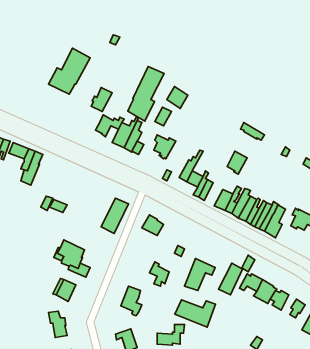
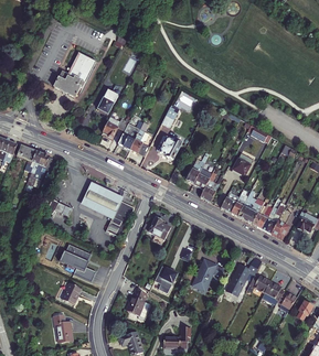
building: [128,66,164,121] -> none
building: none -> [82,181,124,218]
building: [175,300,215,327] -> none

